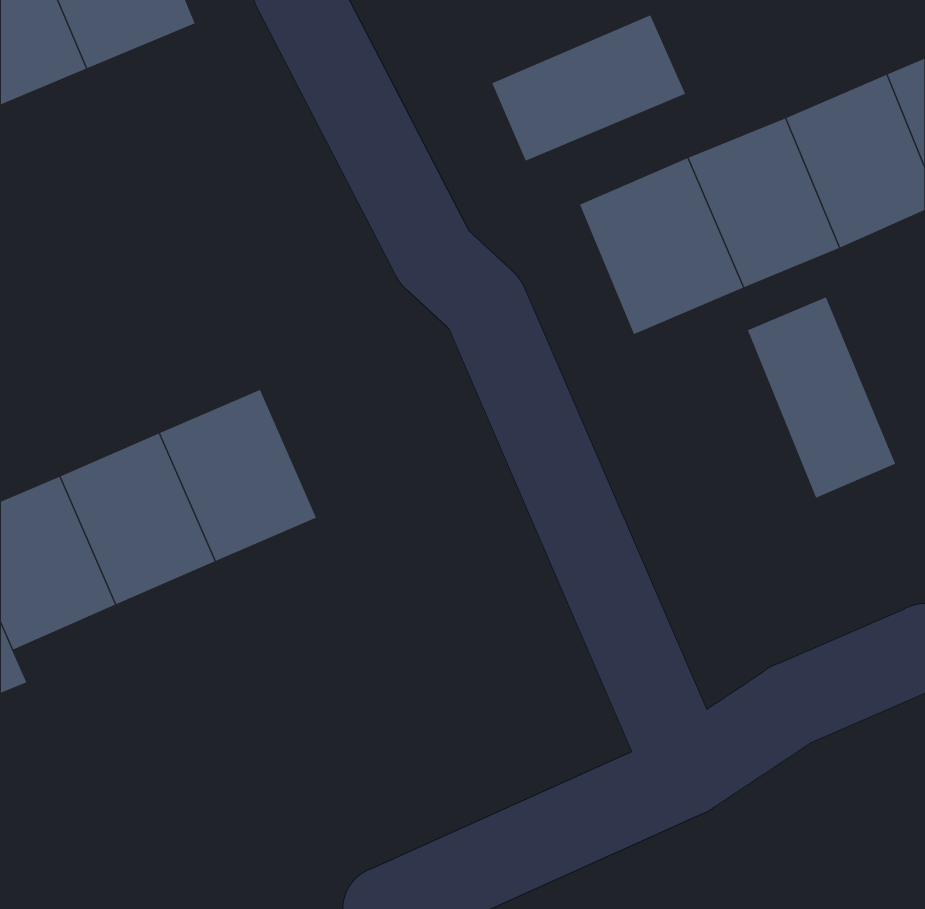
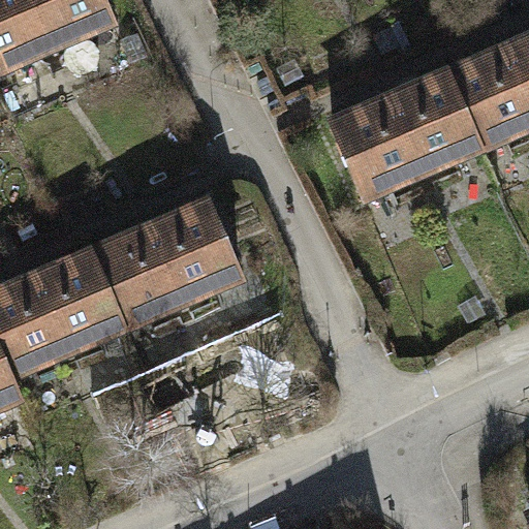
building: [491,14,686,162] -> none
building: [747,297,896,499] -> none
building: none -> [149,196,241,295]

